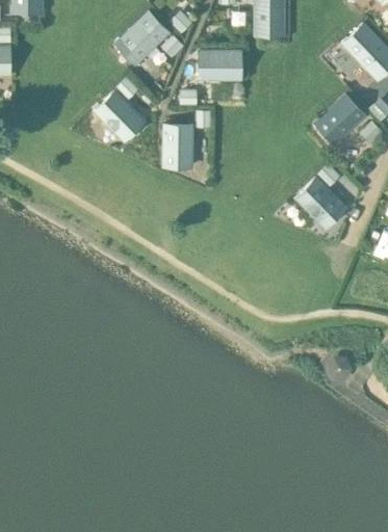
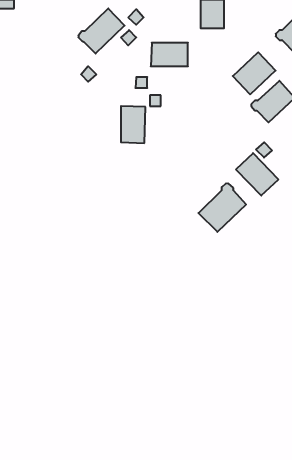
building: none -> [233,52,276,94]
building: [94,90,145,139] -> none
building: none -> [198,183,246,232]

